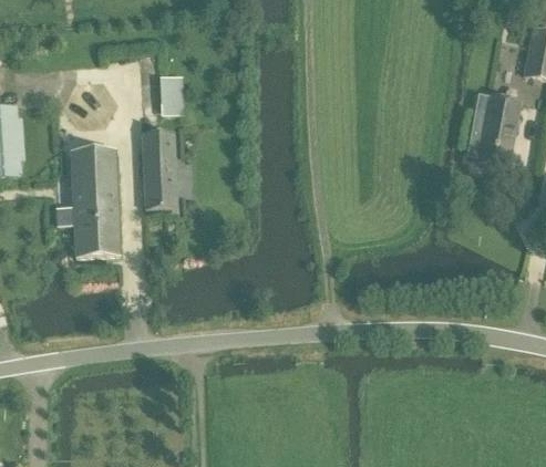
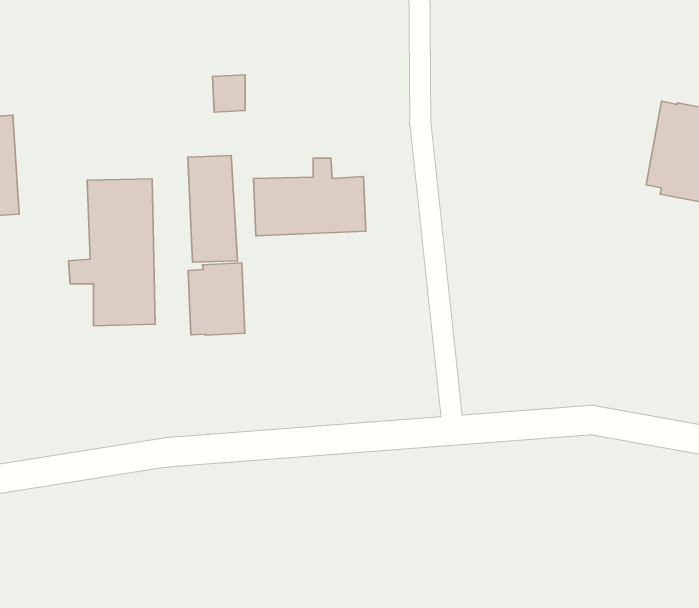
building: none -> [254,158,366,236]
building: none -> [188,263,245,335]

